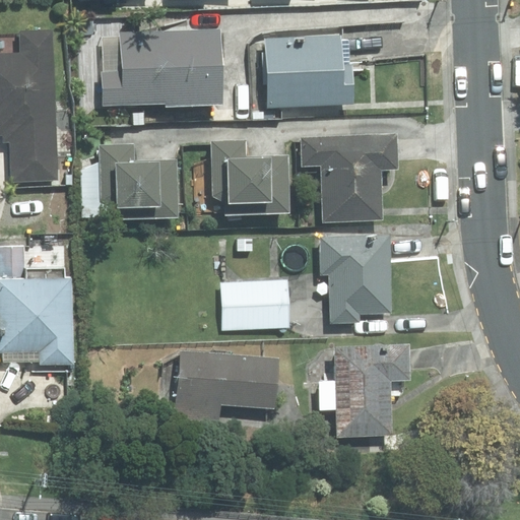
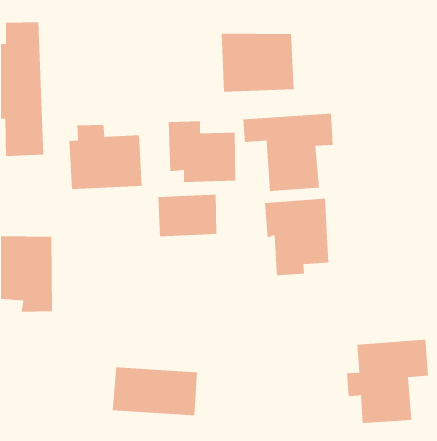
building: [103,31,217,108] -> none
building: [224,278,295,328] -> [157,194,217,237]
building: [318,341,414,440] -> [346,339,429,424]
building: [175,351,275,408] -> [112,367,198,416]

